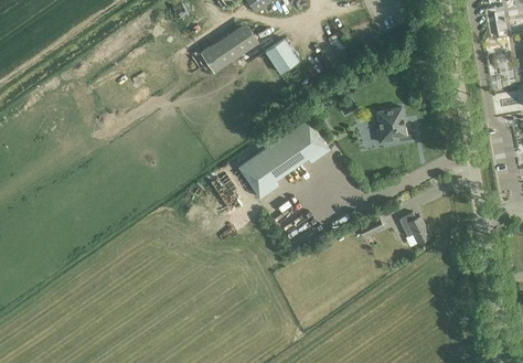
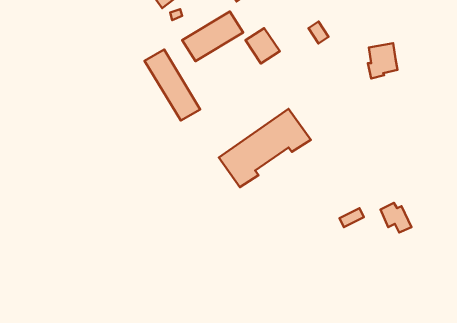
building: none -> [145,50,200,120]
building: [375,107,405,142] -> [368,43,398,79]

